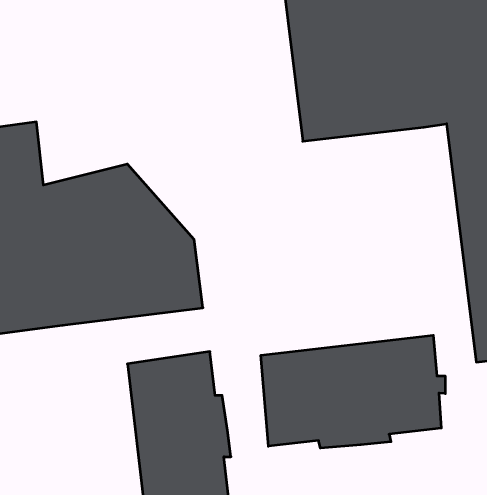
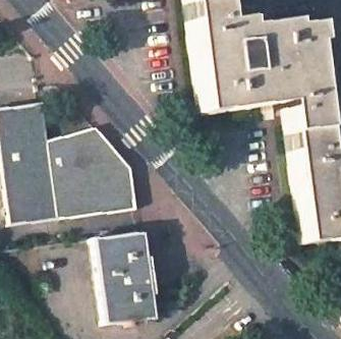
building: [261,335,445,448] -> none

